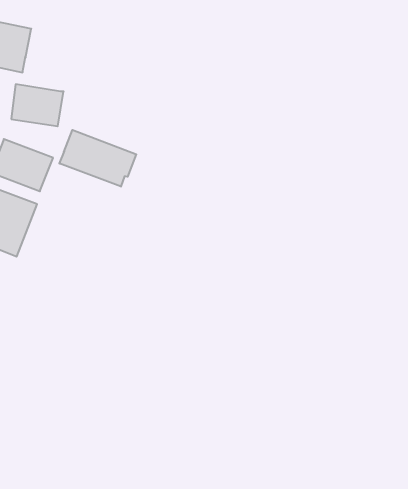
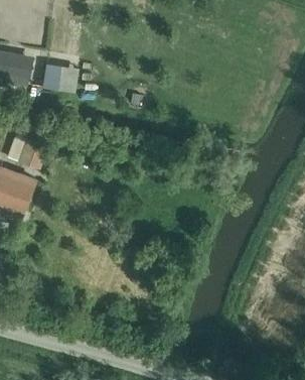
building: [11,84,64,126] -> [41,65,78,94]
building: [59,130,136,187] -> none

